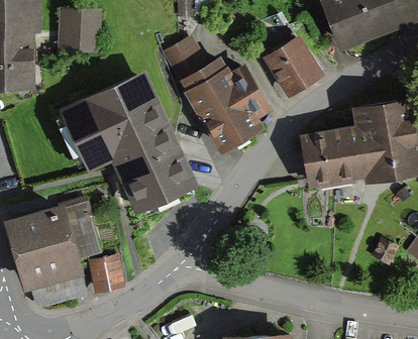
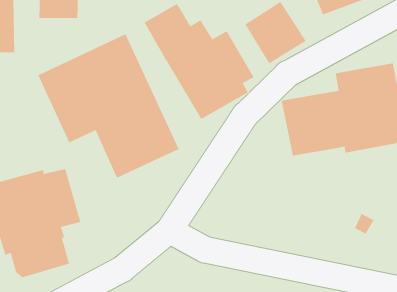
building: [89,258,123,297] -> none

